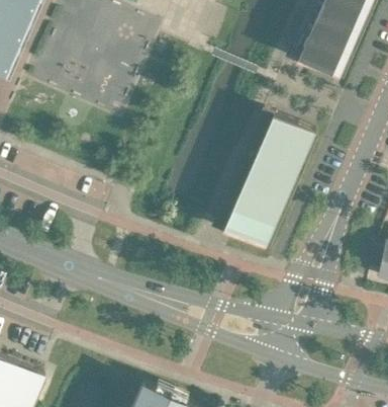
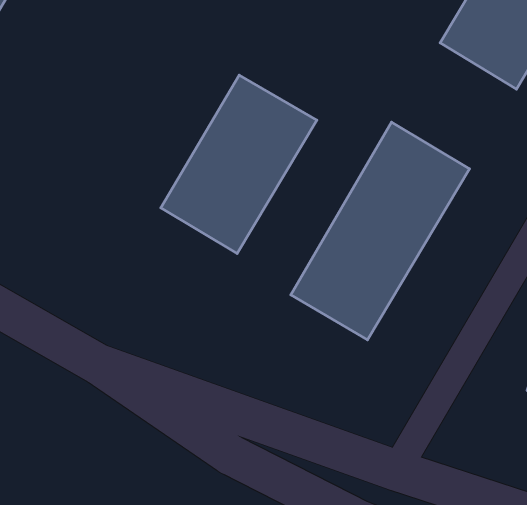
building: none -> [161,75,317,254]

